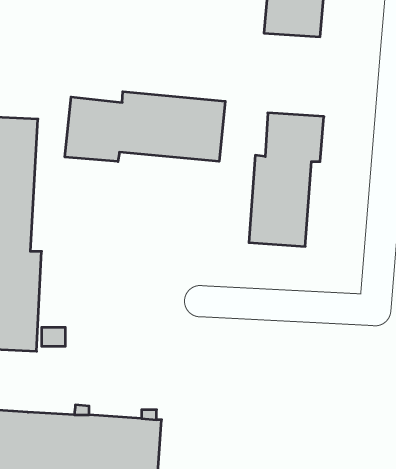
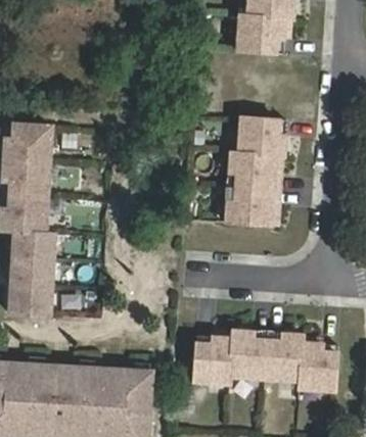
building: [65,92,225,162] -> none
building: none -> [193,333,337,393]

